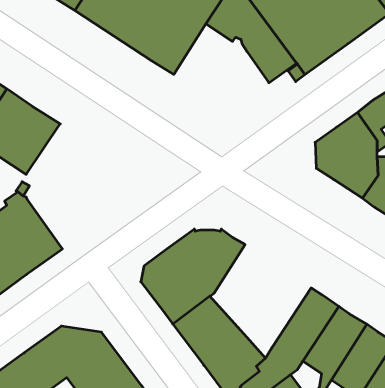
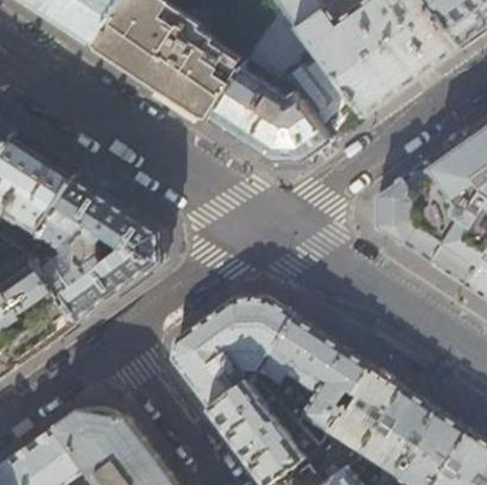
building: none -> [204,58,325,160]
building: none -> [32,175,158,320]
building: none -> [247,315,364,436]

